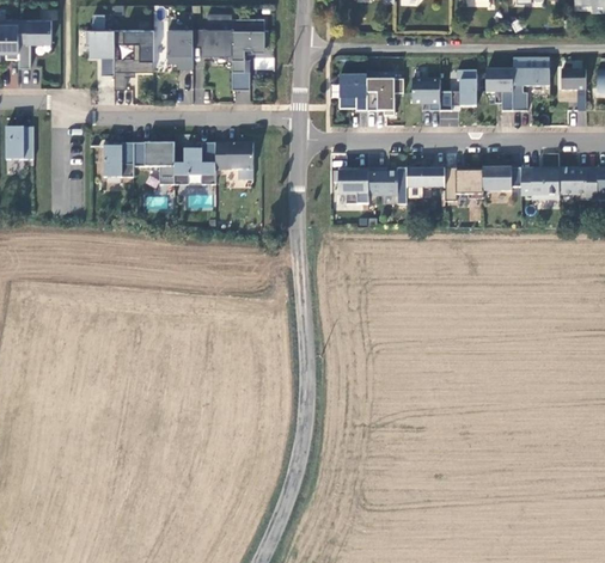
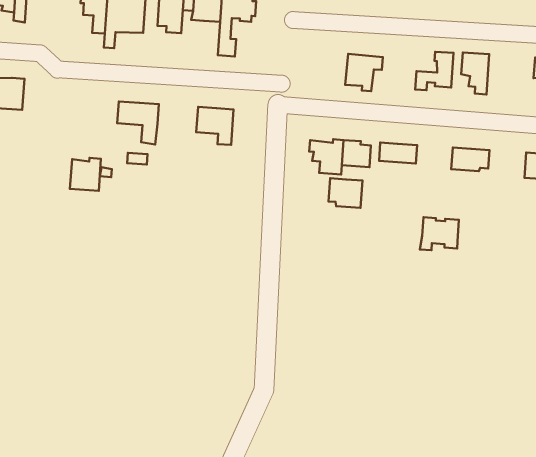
building: [513,68,549,110] -> none
building: [340,74,367,110] -> none
building: [411,78,440,110] -> none
building: [103,143,133,177] -> [70,158,101,191]
building: [173,143,215,185] -> none
building: [444,167,482,201] -> [420,217,459,250]
building: [520,167,558,198] -> none
building: none -> [328,178,362,208]

